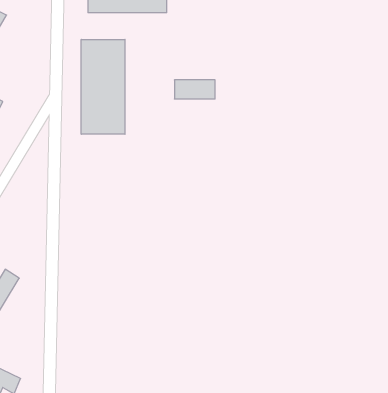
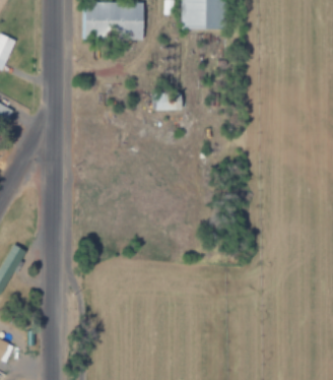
building: [81,39,125,134] -> none

